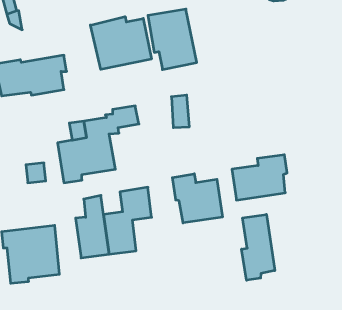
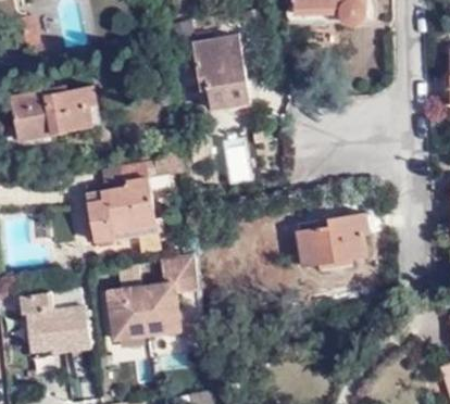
building: [90,17,151,69] -> none
building: [172,174,222,223] -> none
building: [242,214,275,280] -> none

